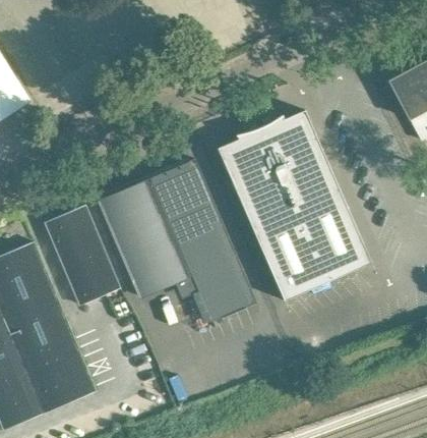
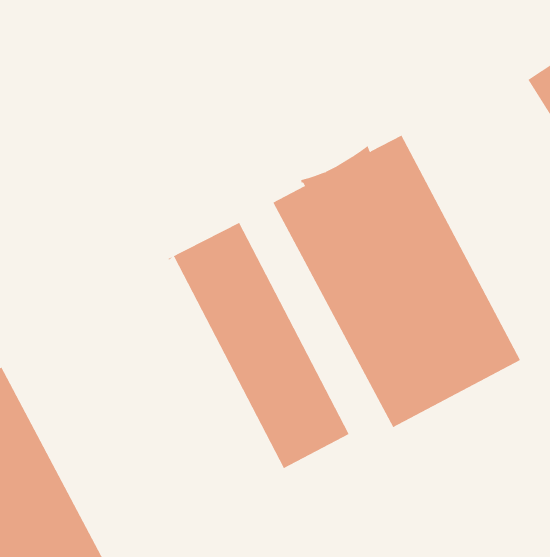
building: [98,179,184,296] -> none
building: [44,207,117,303] -> none

